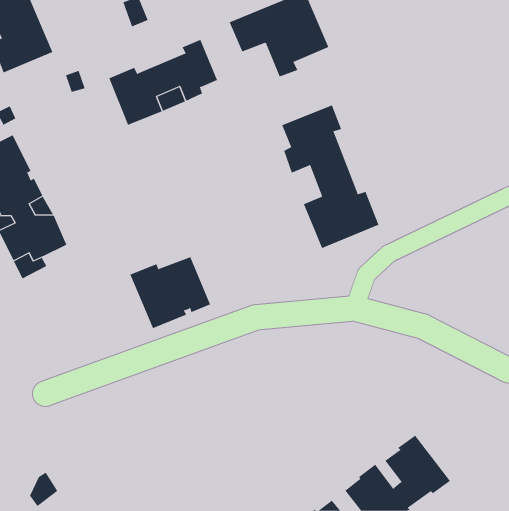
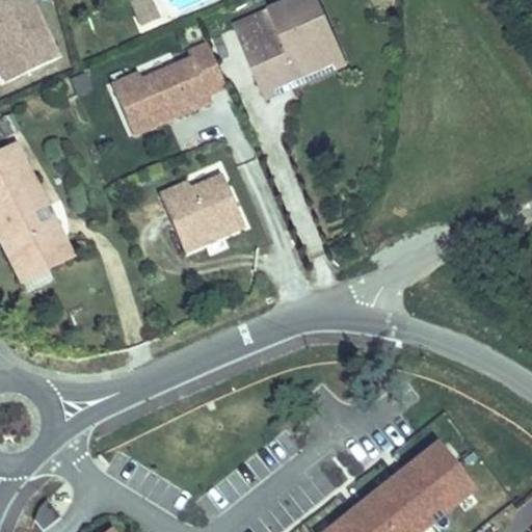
building: none -> [250,45,347,97]
building: [282,105,379,249] -> none
building: [130,256,211,329] -> [158,175,242,249]

